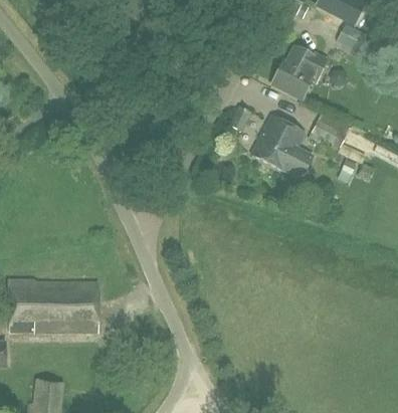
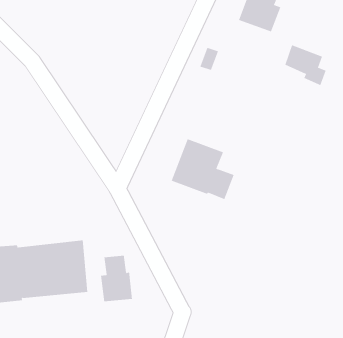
building: [250,115,313,178] -> [171,139,235,200]
building: none -> [101,255,133,302]

